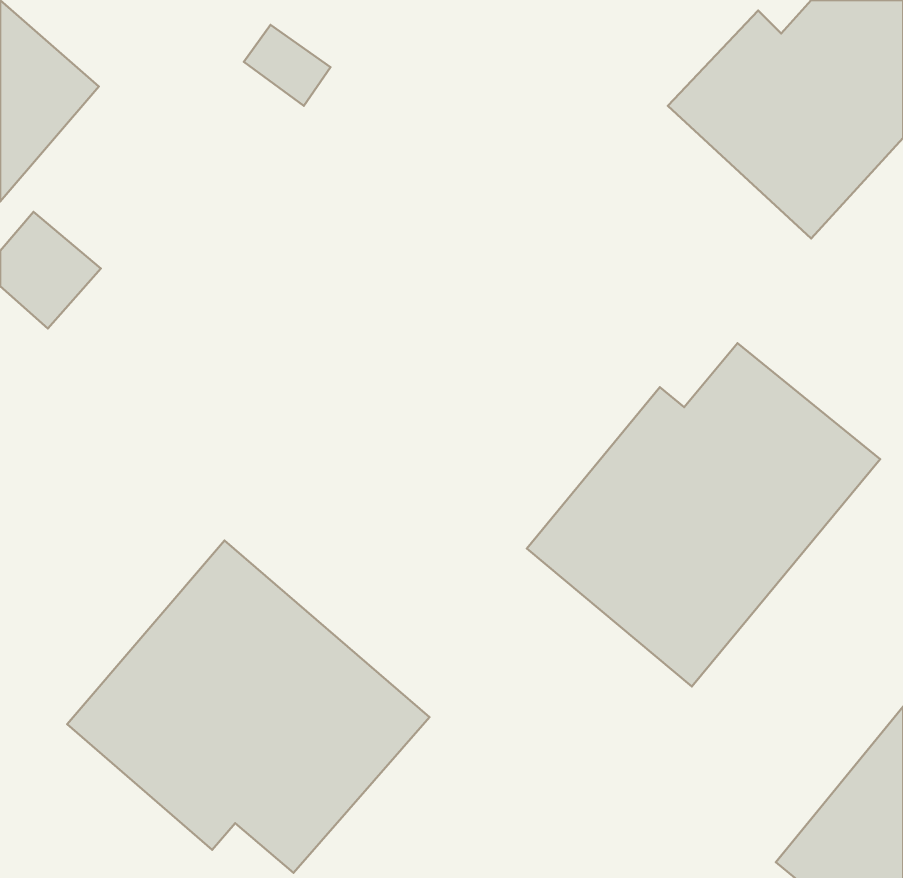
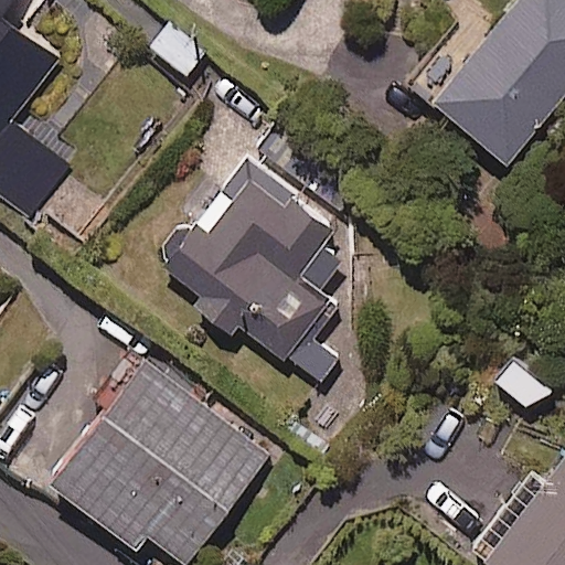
building: none -> [169,167,359,395]
building: [527,343,880,686] -> none

